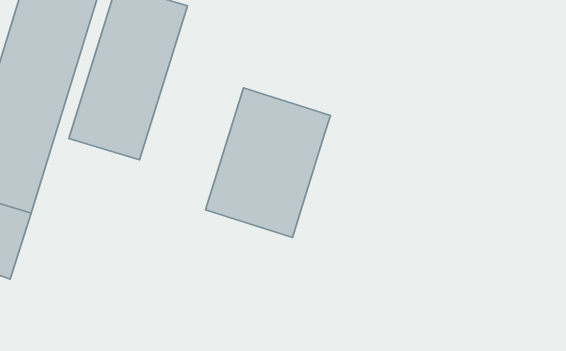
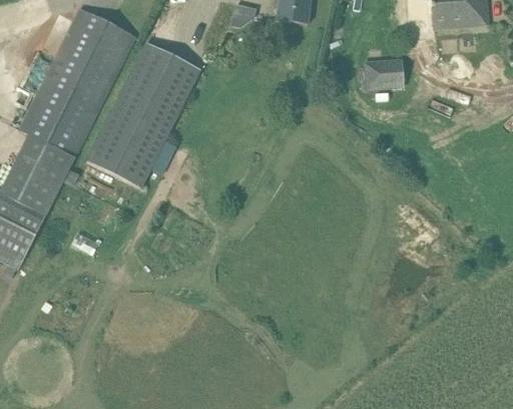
building: [205,88,330,238] -> none

